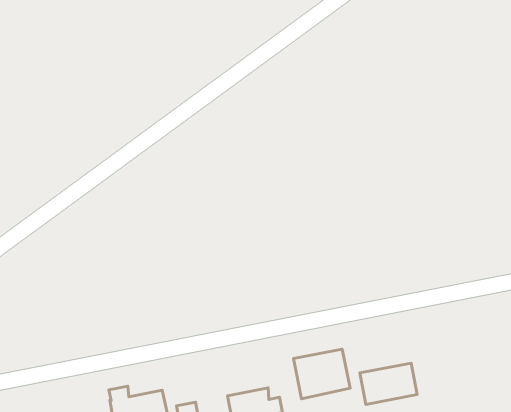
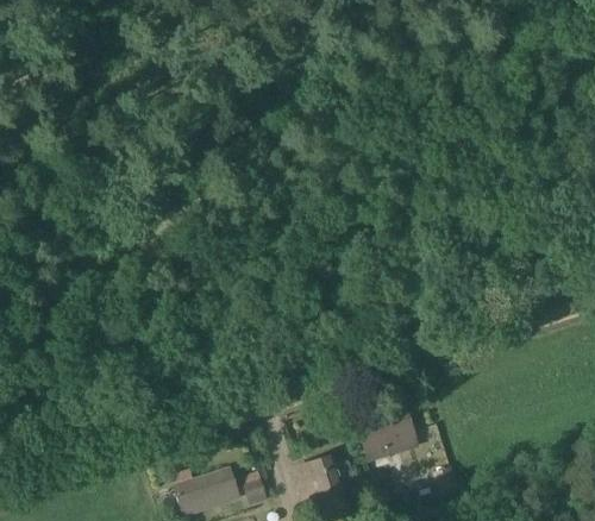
building: [360,363,417,405] -> none

